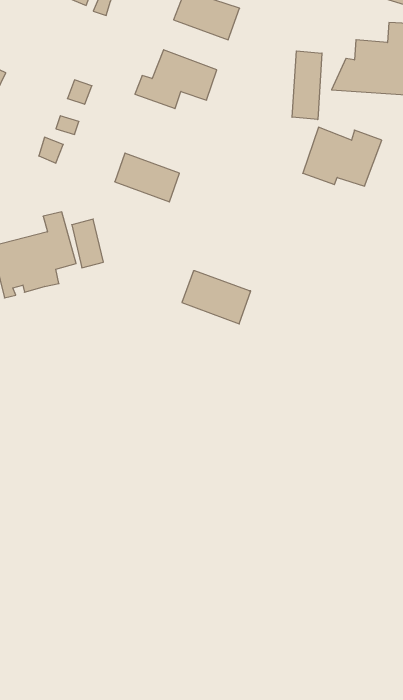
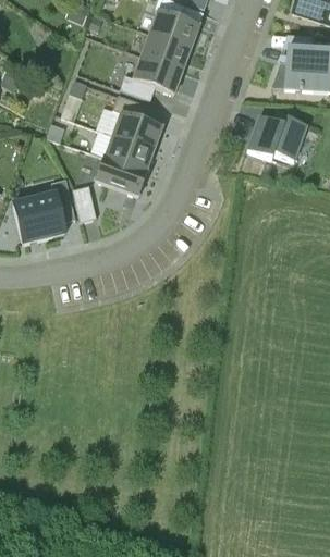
building: none -> [142,33,191,71]
building: [292,51,322,120] -> none
building: none -> [112,95,162,149]
building: [182,271,251,324] -> [95,156,147,196]

